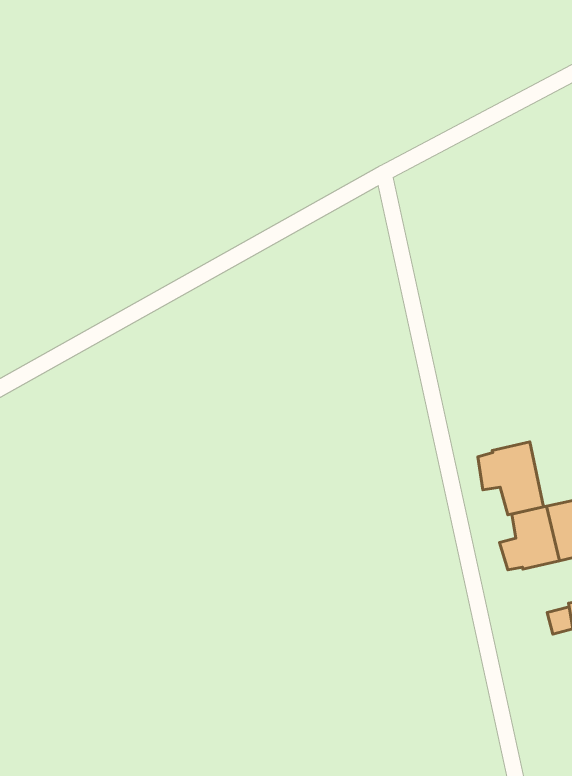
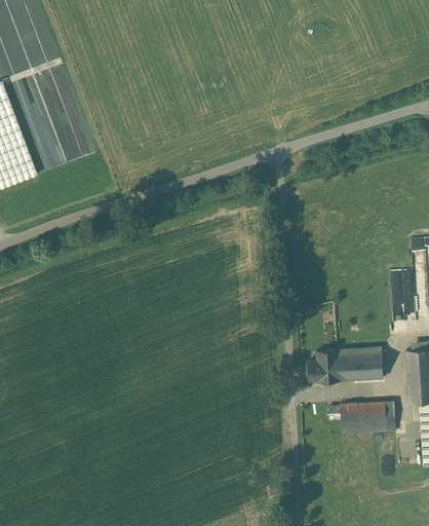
building: [478,442,544,515] -> none

